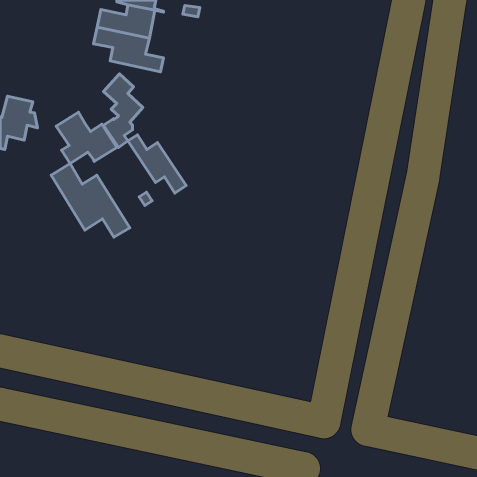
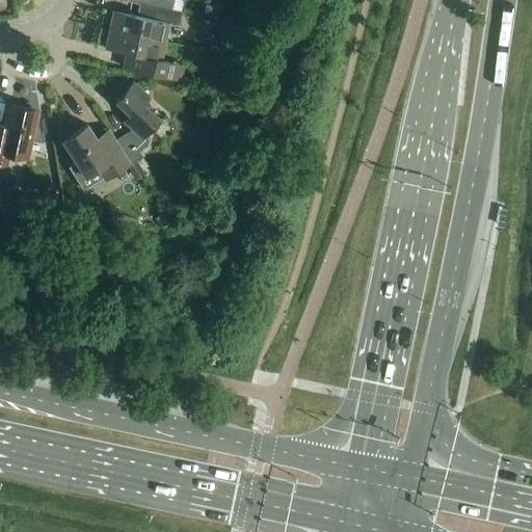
building: [128,135,186,193] -> none
building: [51,163,130,237] -> none

